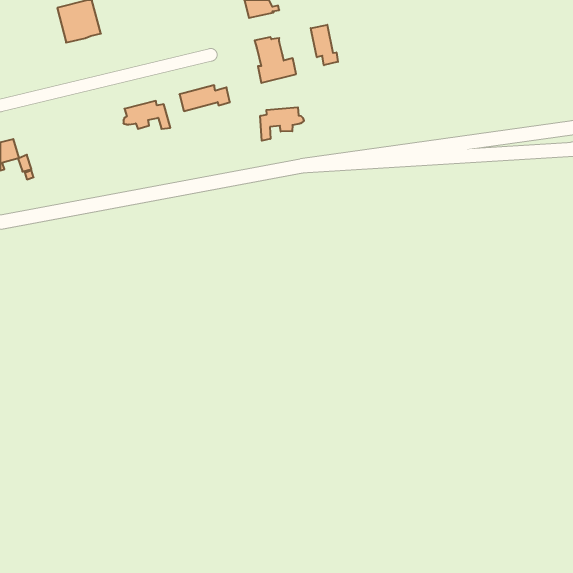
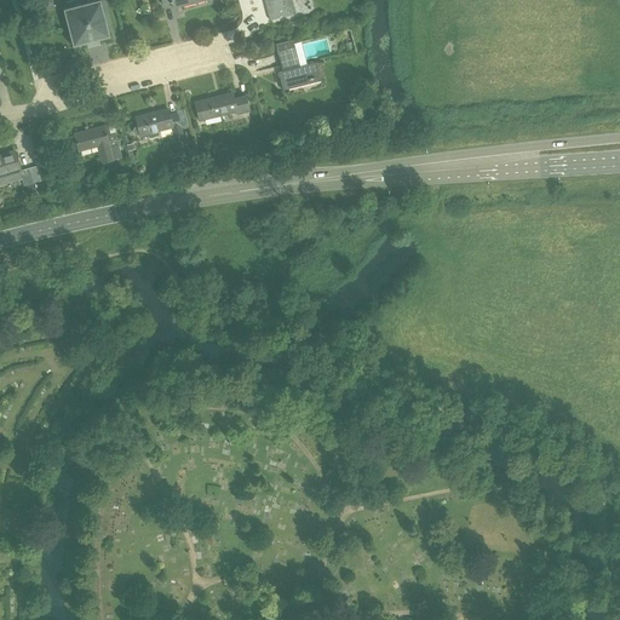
building: [311,25,338,65] -> none
building: [260,107,304,141] -> none
building: none -> [74,125,121,162]

